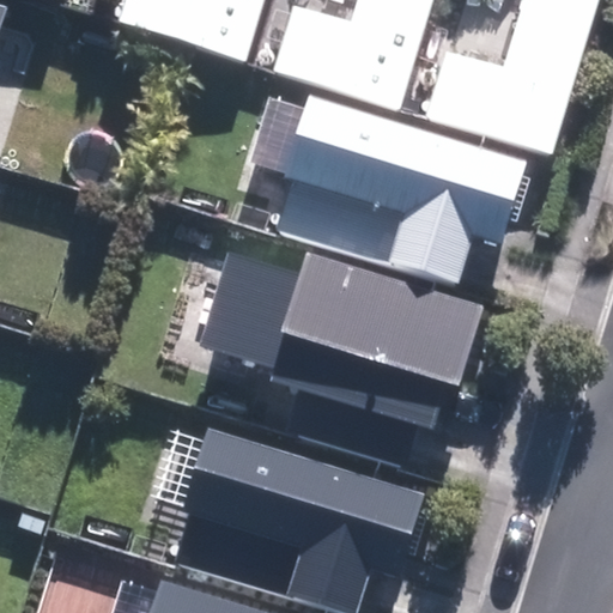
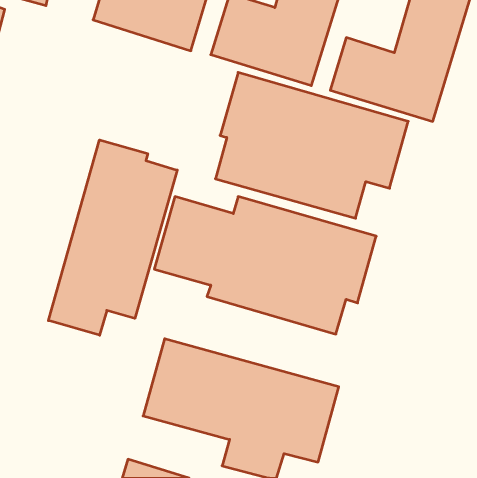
building: none -> [48,140,177,335]

